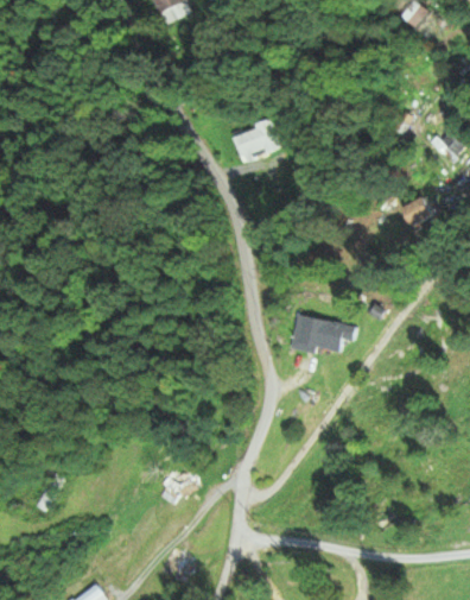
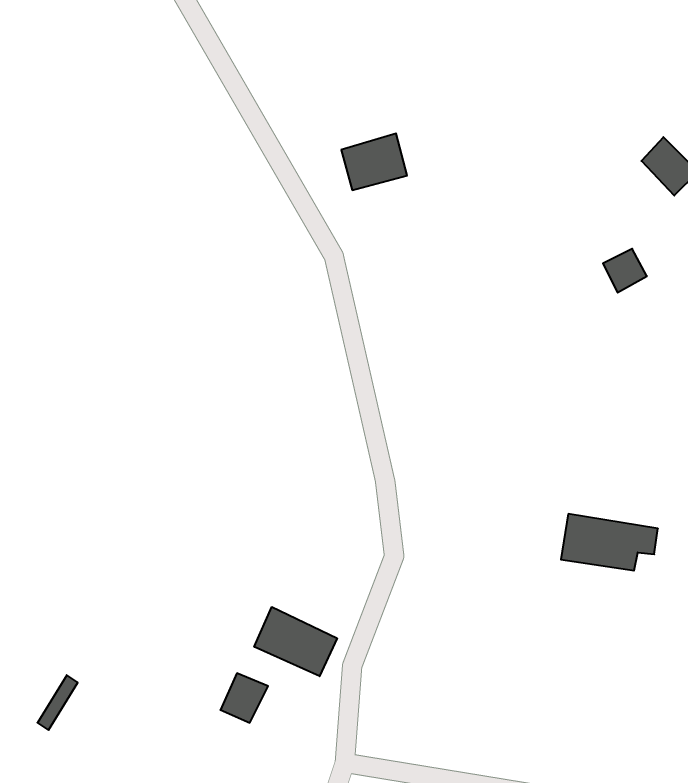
building: [293,316,356,353] -> [561,514,658,571]
building: none -> [254,607,337,676]

